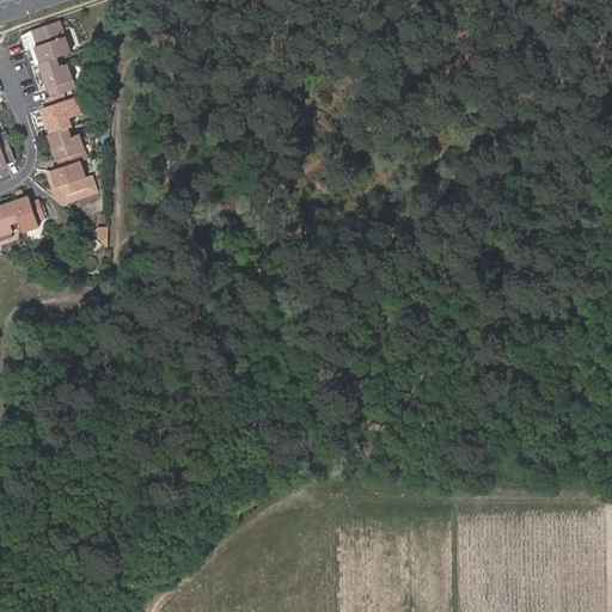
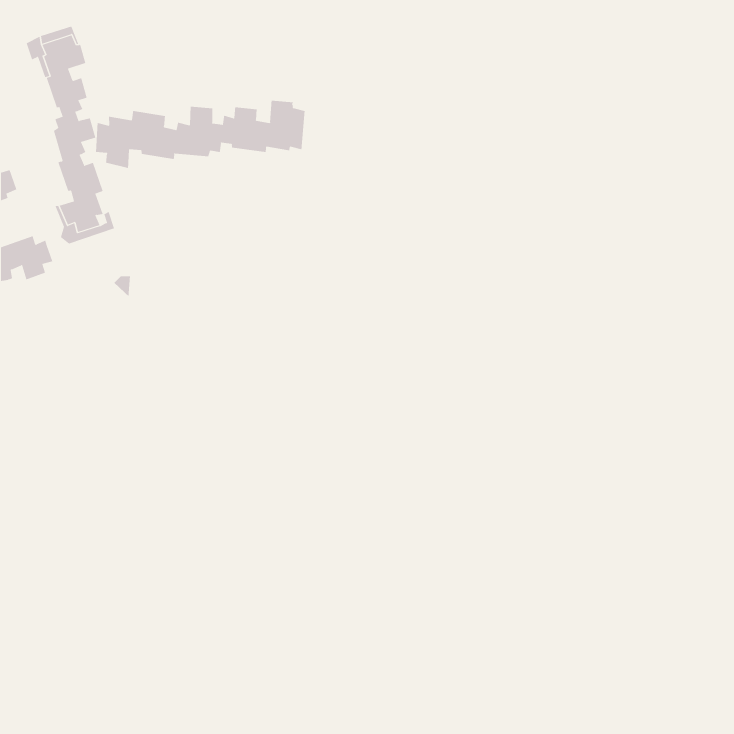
building: none -> [95,100,305,169]

